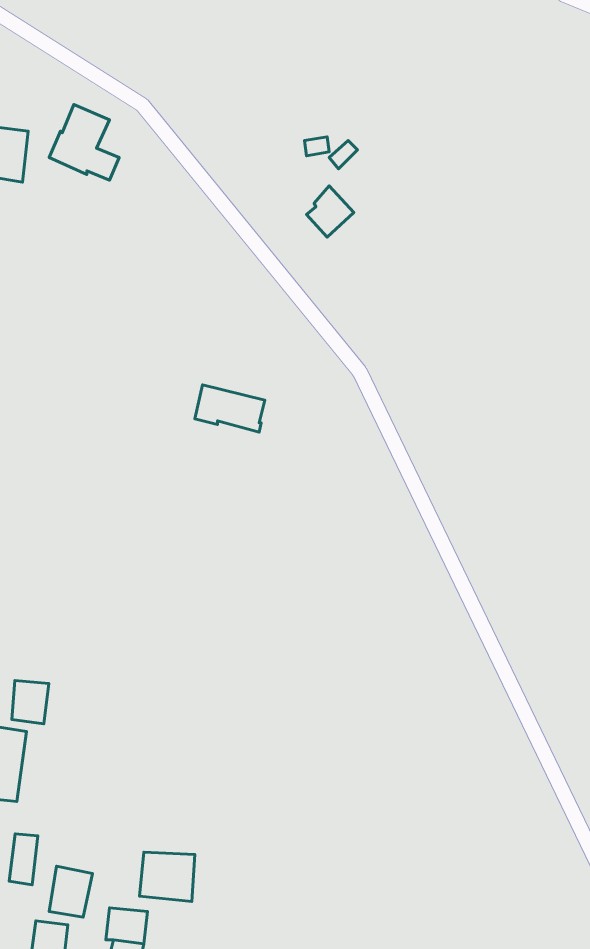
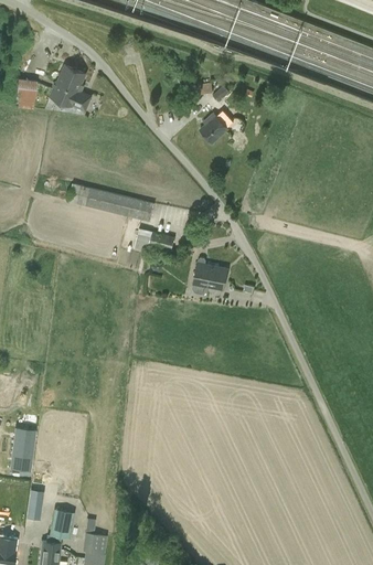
building: none -> [68,183,153,220]
building: none -> [193,258,228,295]
building: [12,681,49,724] -> none
building: [140,852,195,901] -> none

